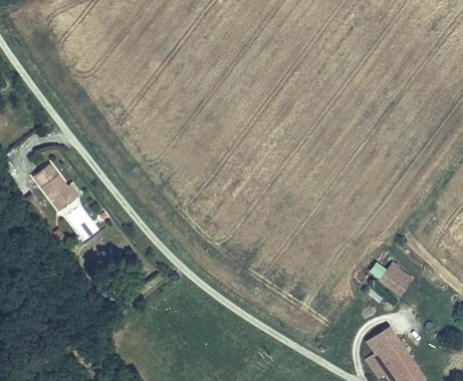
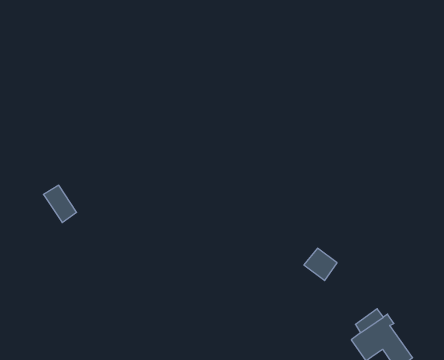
building: [33,164,76,213] -> none
building: [378,262,410,293] -> [304,248,337,281]

